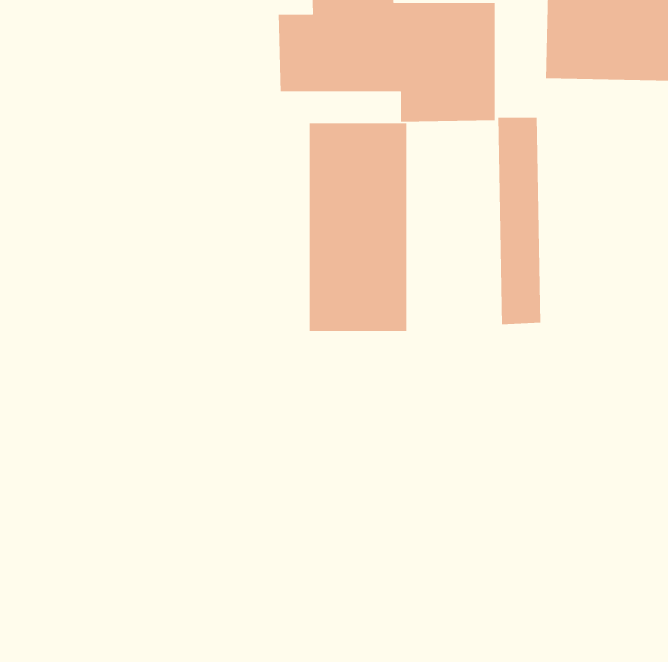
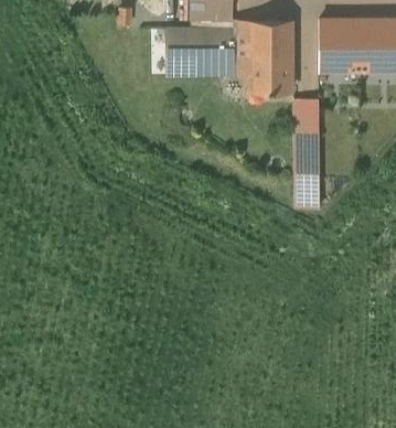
building: [309,123,407,332] -> none

